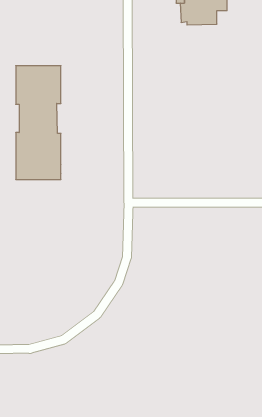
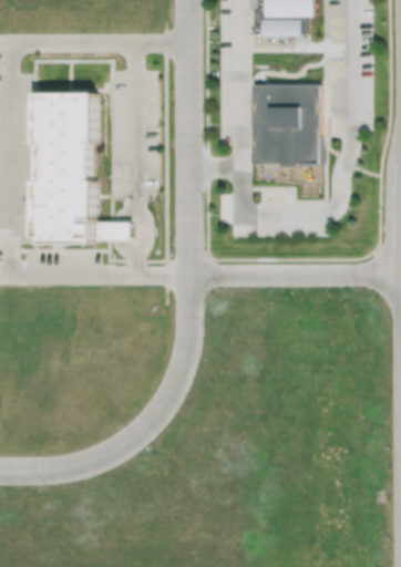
building: none -> [250,82,318,164]
building: none -> [94,219,130,238]

